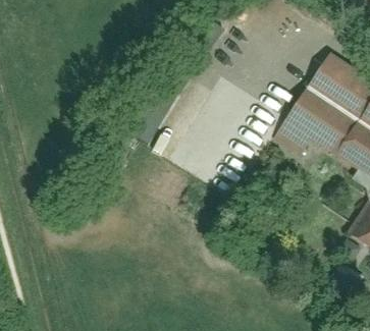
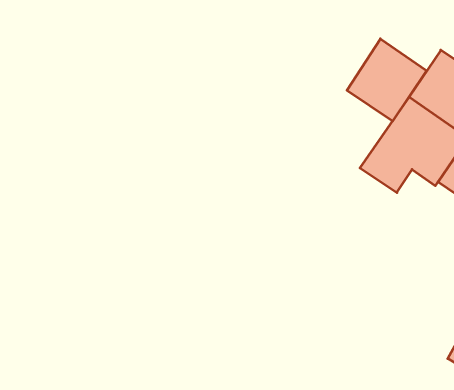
building: none -> [347,39,426,121]

